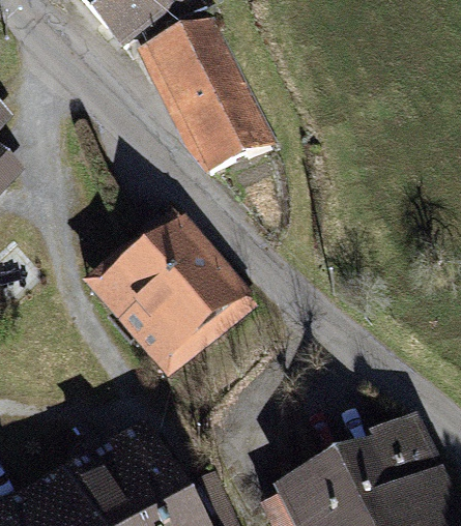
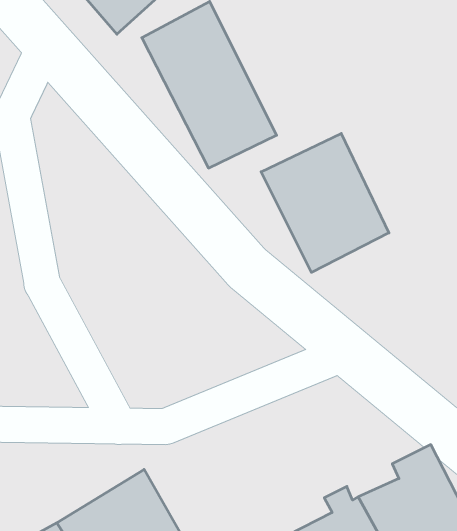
building: none -> [261,133,389,272]
building: [108,228,239,357] -> none

